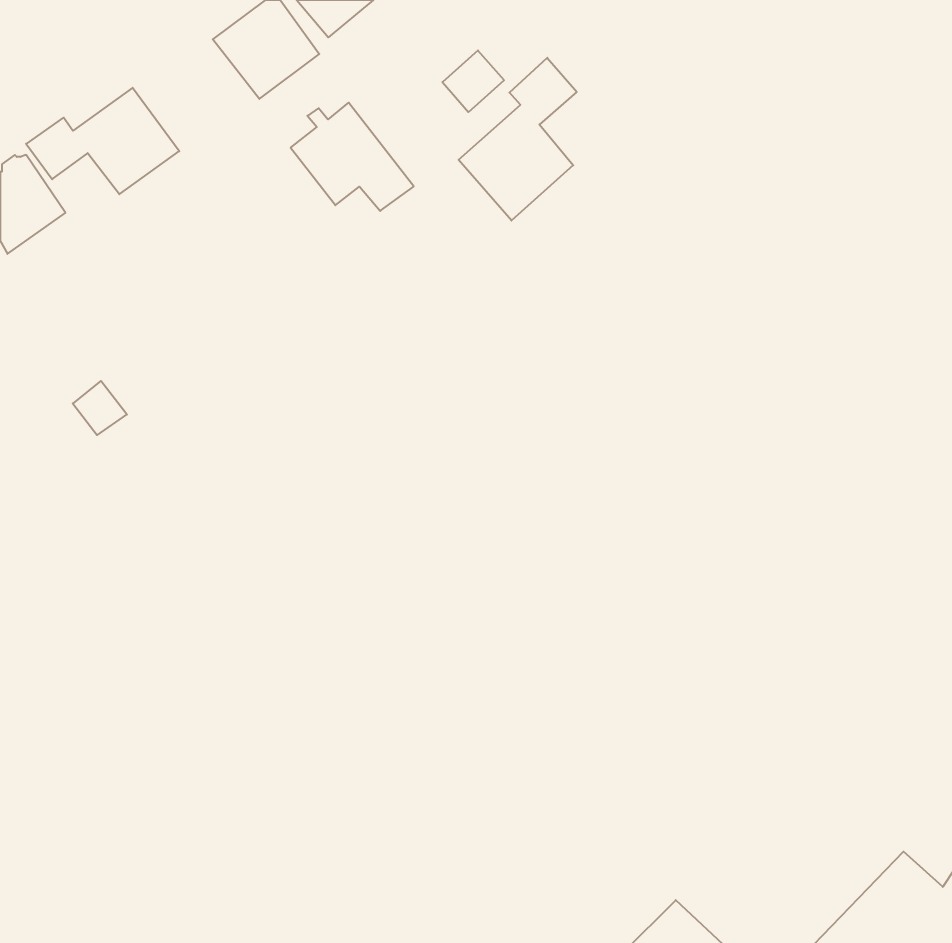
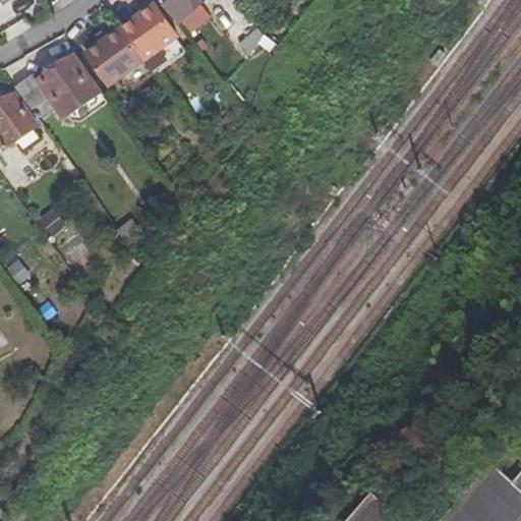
building: [459,58,577,221] -> none
building: [291,103,414,211] -> [85,27,153,86]

